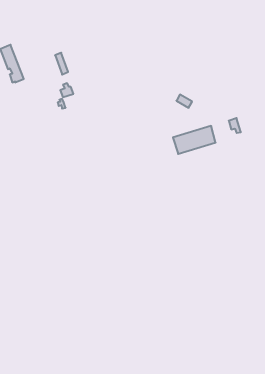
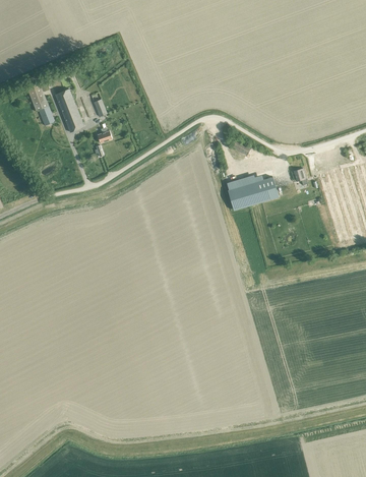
building: none -> [54,87,82,131]

